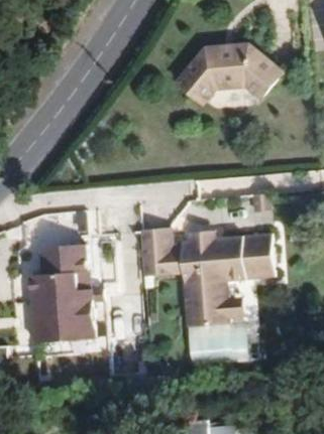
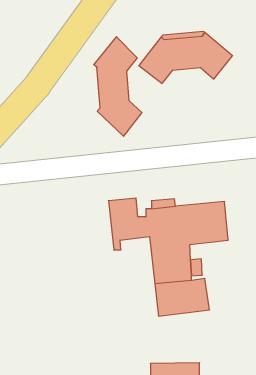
building: none -> [94,37,142,136]
building: [29,243,108,343] -> none

